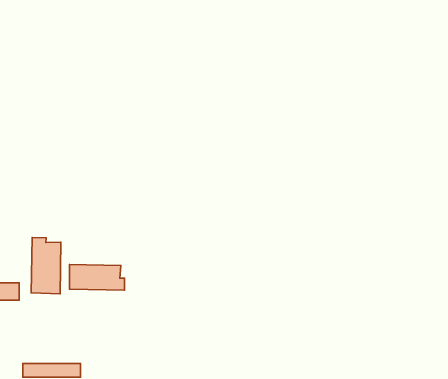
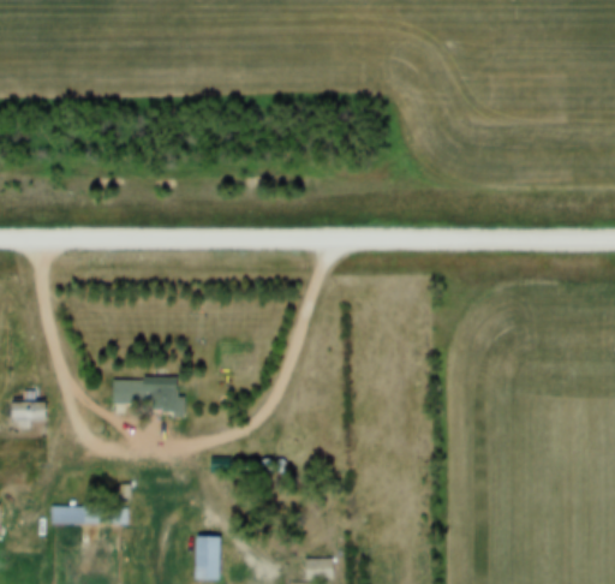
building: [31,238,61,294] -> none

